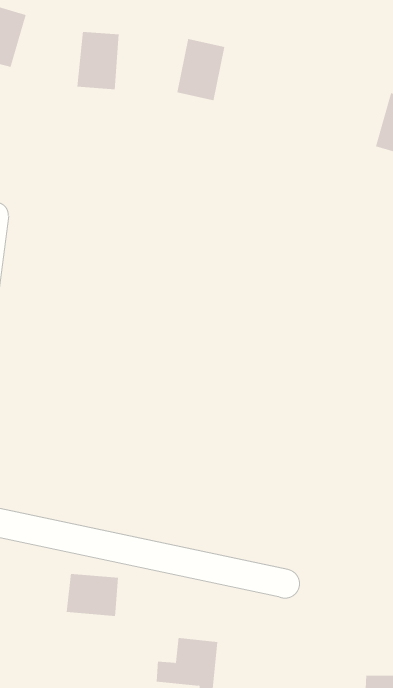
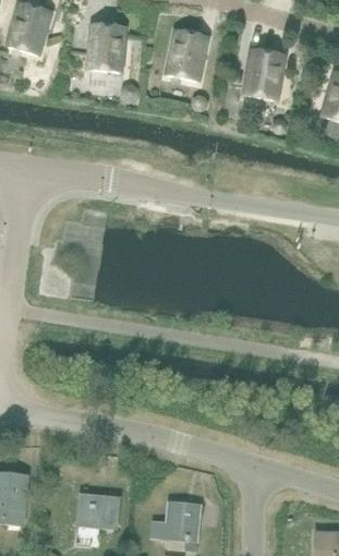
building: none -> [245,50,282,99]
building: [66,573,119,616] -> [77,494,119,528]

